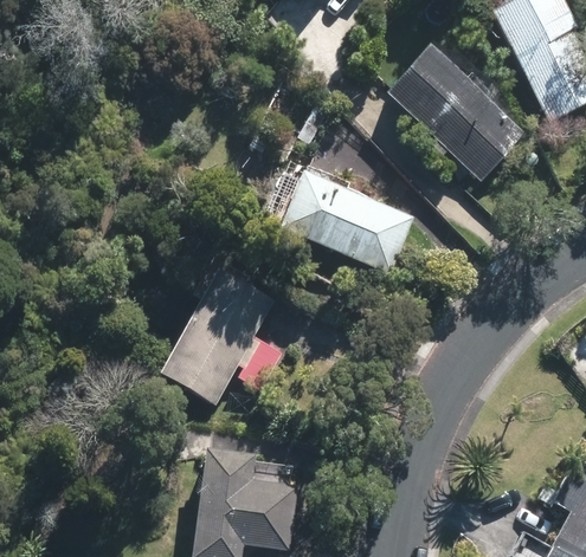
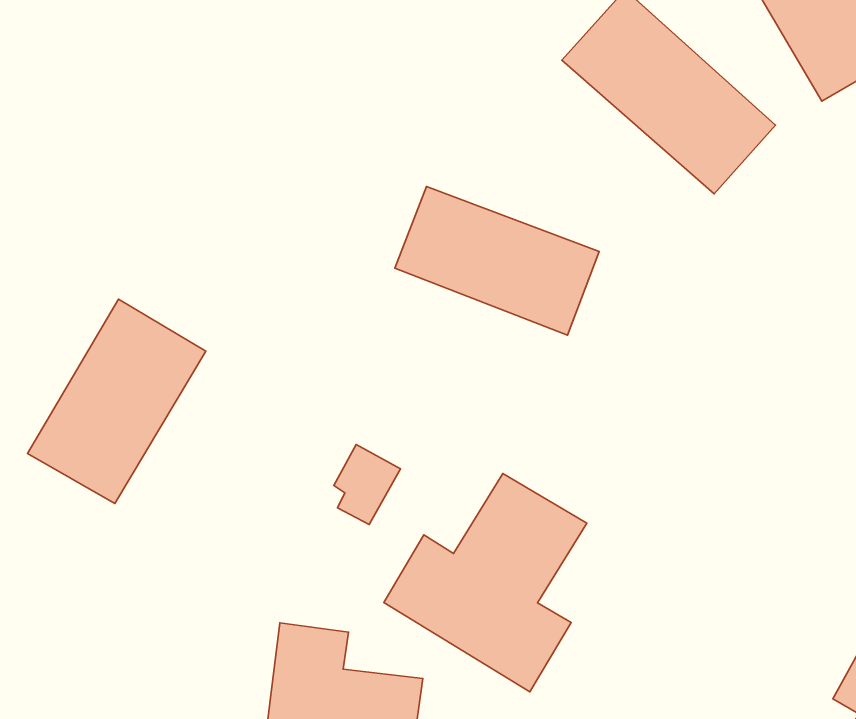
building: [157,271,271,401] -> [28,299,206,503]
building: none -> [384,474,587,692]

